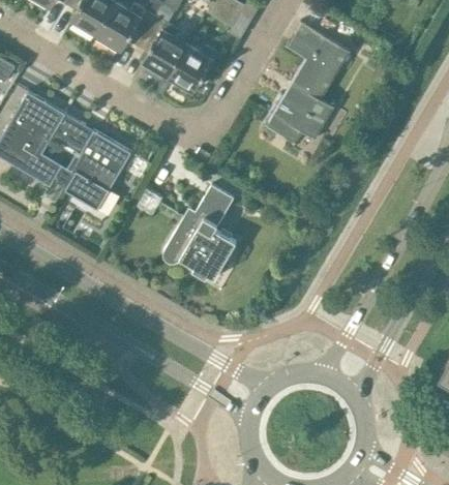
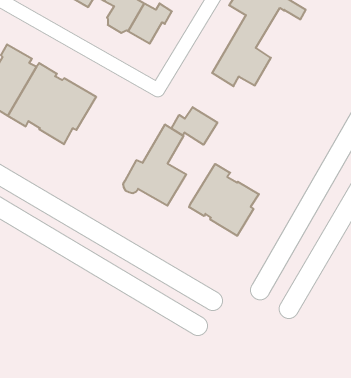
building: none -> [172,107,217,145]
building: none -> [189,164,259,236]

